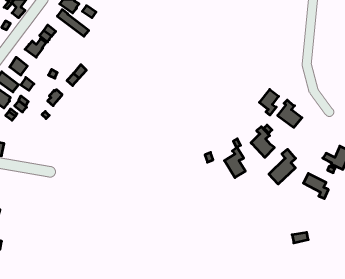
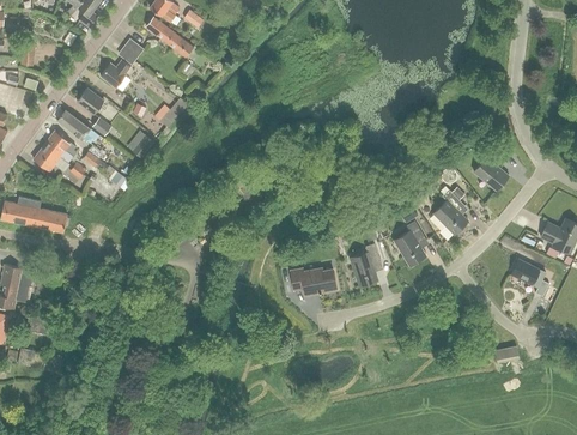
building: [259,89,279,115] -> none
building: [269,149,296,184] -> none
building: none -> [350,242,381,285]
building: none -> [291,267,336,294]

